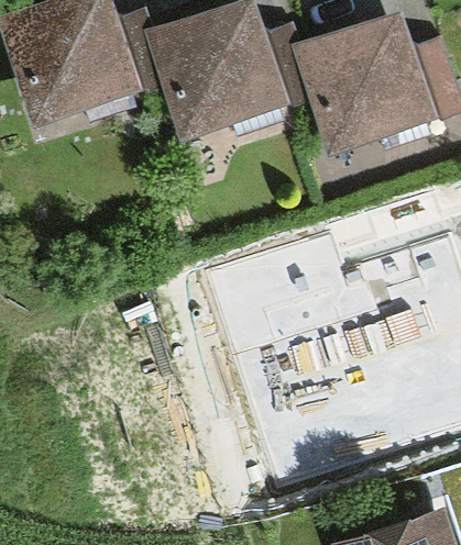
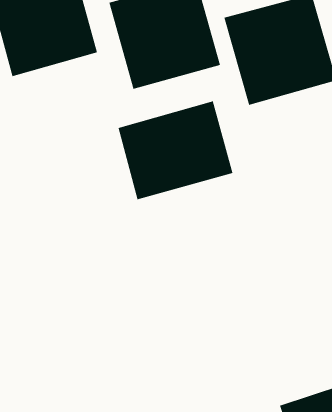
building: none -> [118,101,233,200]

